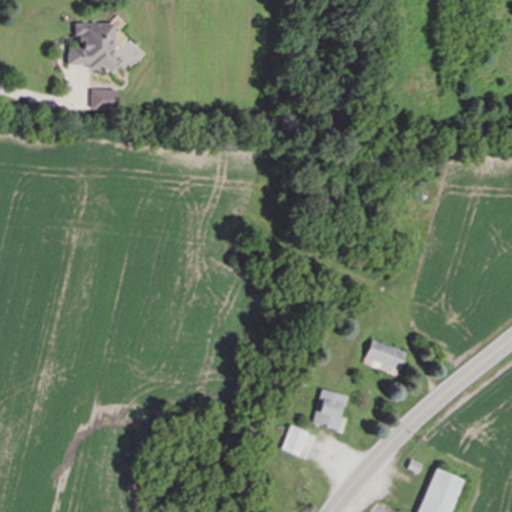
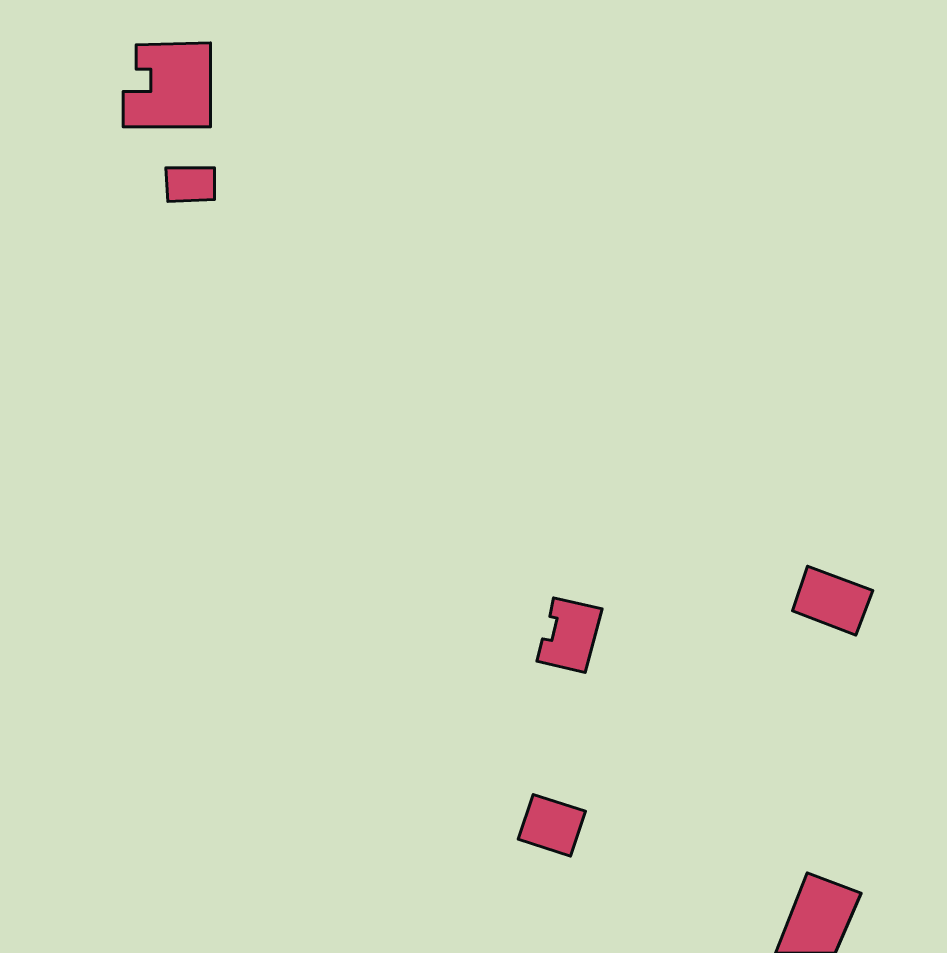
building: [364,339,407,376] -> [793,566,873,635]
building: [312,389,347,429] -> [537,598,602,672]

